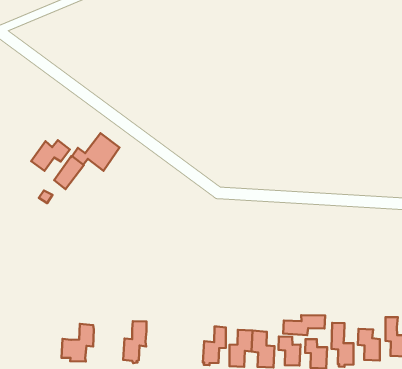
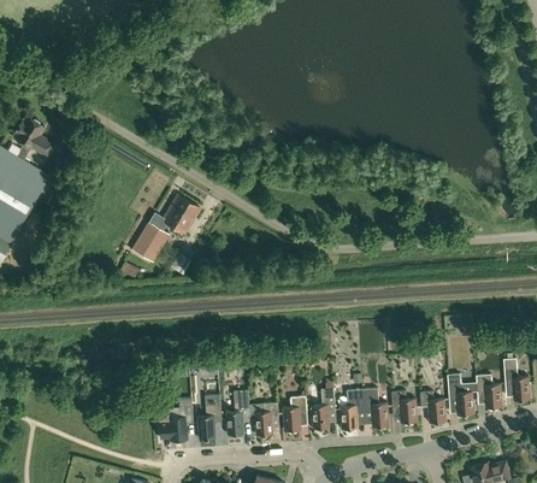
building: [31,140,70,171] -> none
building: [283,315,325,335] -> none
building: none -> [197,395,222,440]
building: none -> [283,396,307,431]
building: none -> [254,402,278,436]

